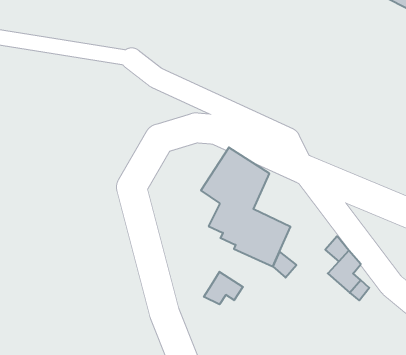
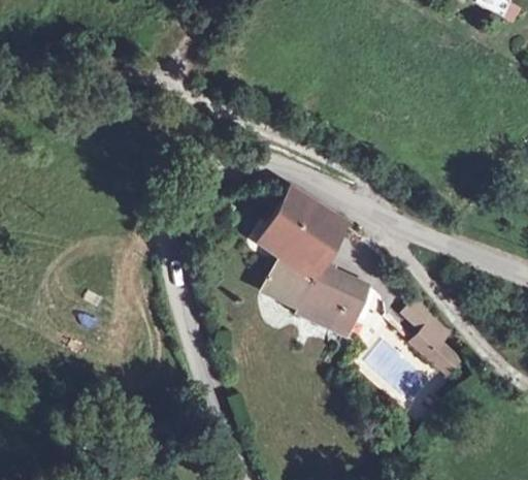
building: [204,272,243,304] -> none

